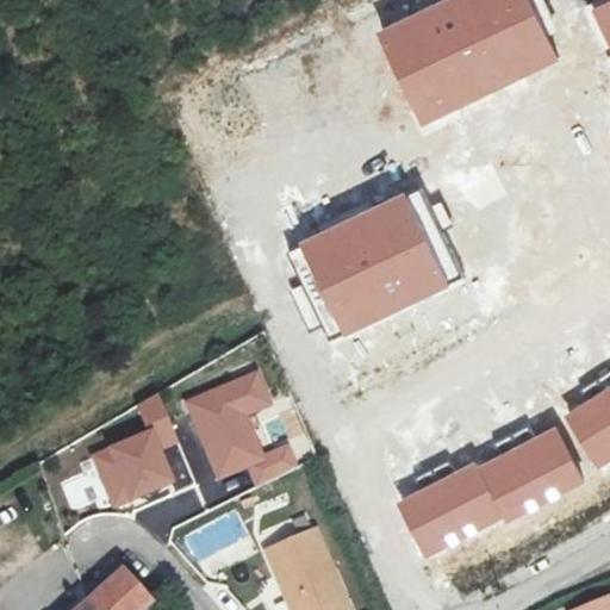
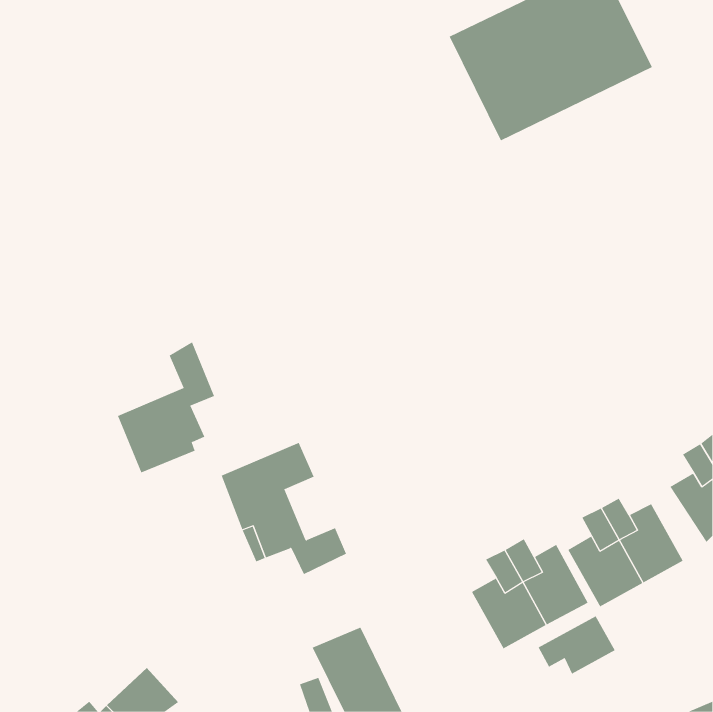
building: [286,188,463,342] -> none
building: [93,396,176,508] -> [117,342,215,473]
building: none -> [538,615,615,675]

